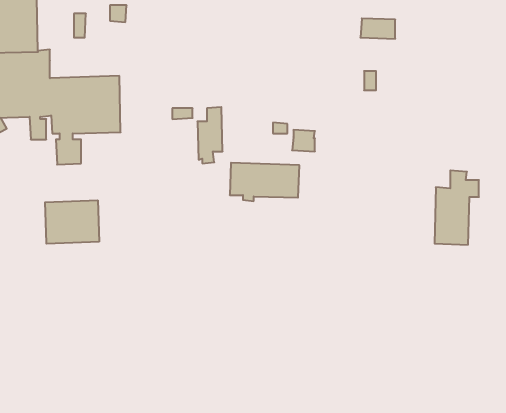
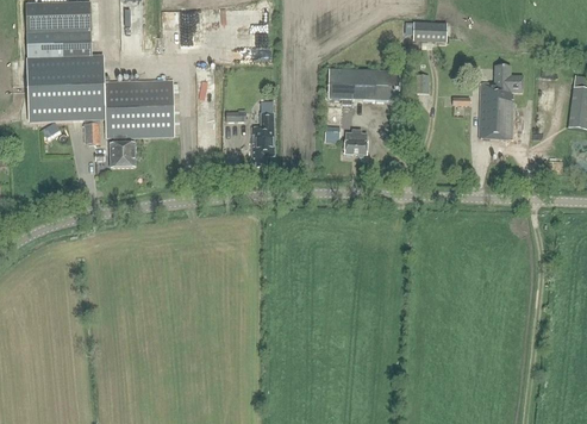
building: [230,163,299,201] -> [327,66,396,104]
building: [435,170,479,245] -> [479,64,523,138]
building: [45,200,99,244] -> none

